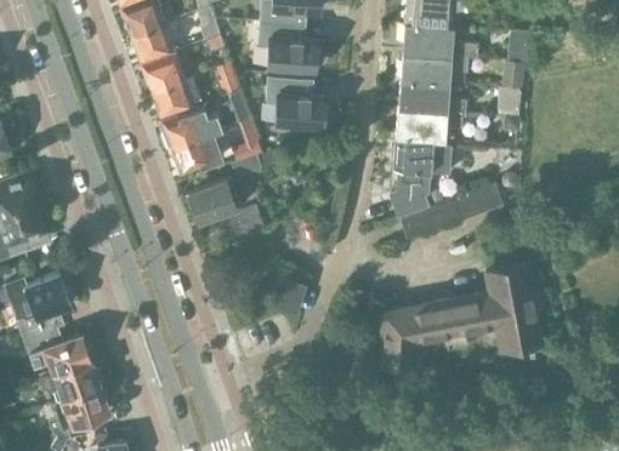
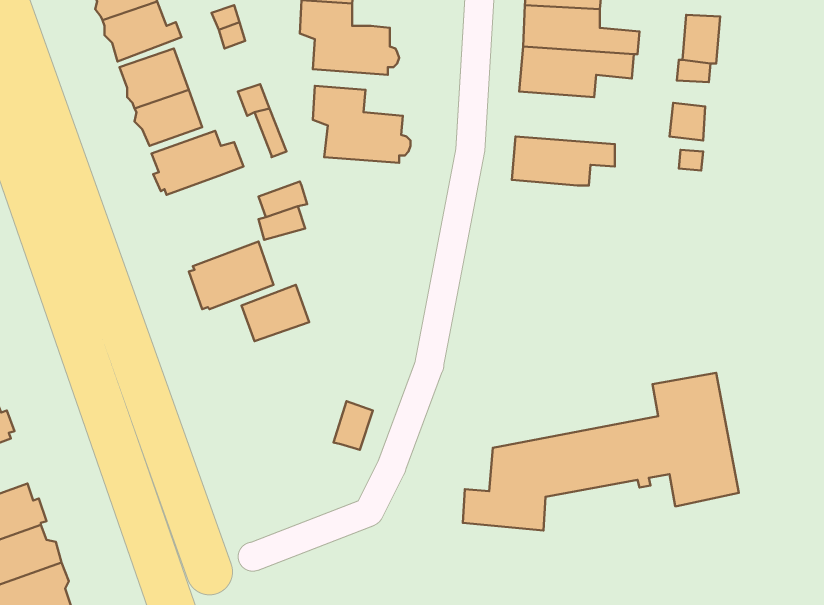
building: [398,81,462,114] -> none
building: [172,136,216,173] -> none
building: [393,138,450,175] -> none
building: [391,183,504,239] -> none

